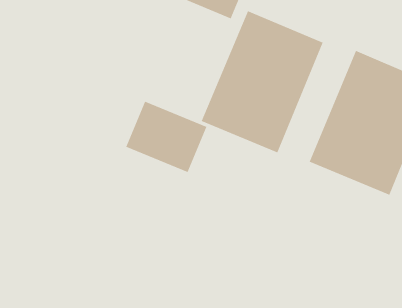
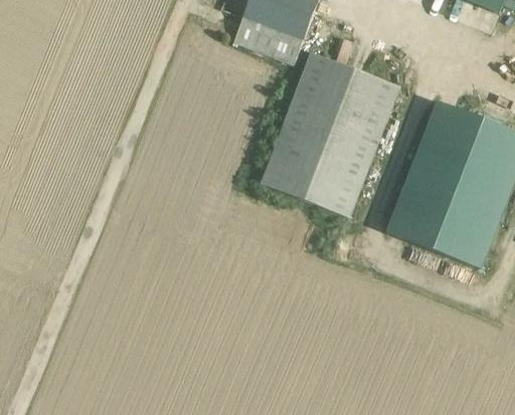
building: [126,101,207,173] -> none

